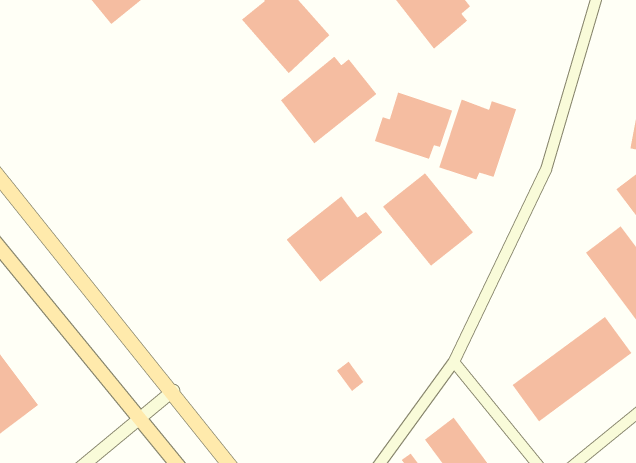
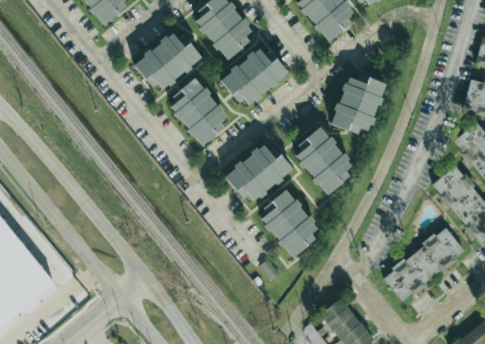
building: none -> [135,33,203,93]
building: [374,92,453,160] -> none
building: none -> [166,79,231,145]
building: none -> [260,189,321,257]

